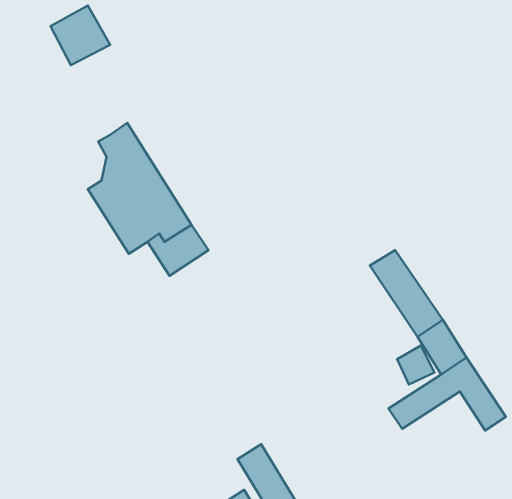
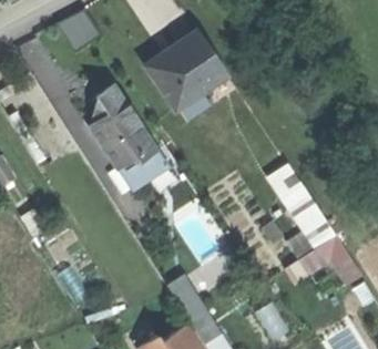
building: none -> [145,32,227,111]

